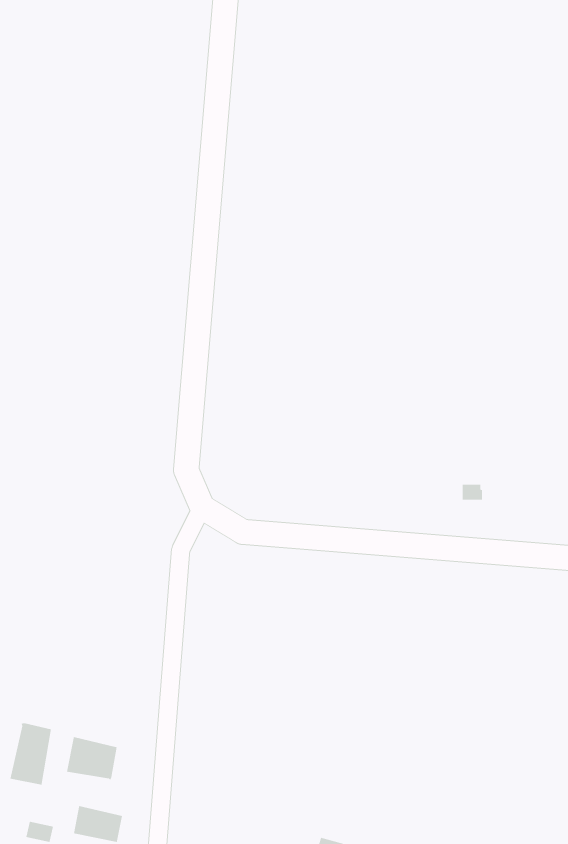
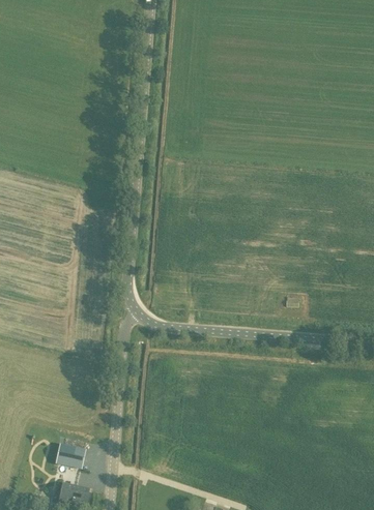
building: [10,723,52,786] -> none

